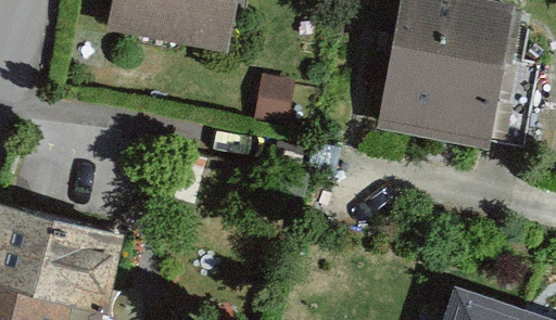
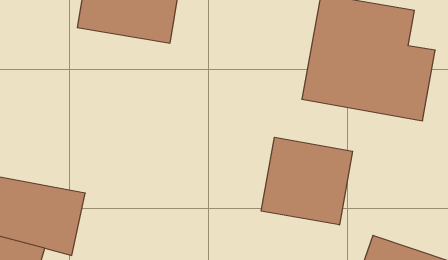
building: none -> [261,137,353,225]

